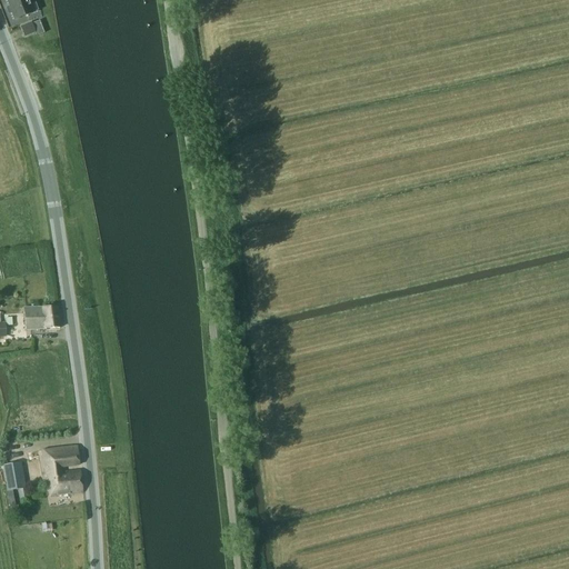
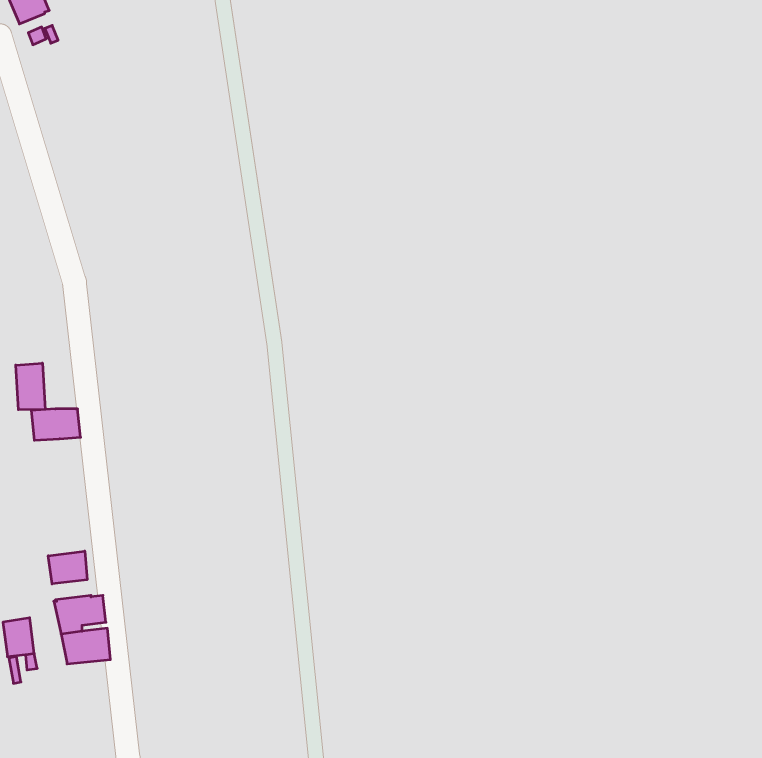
building: none -> [16,363,45,410]
building: none -> [48,551,87,584]

